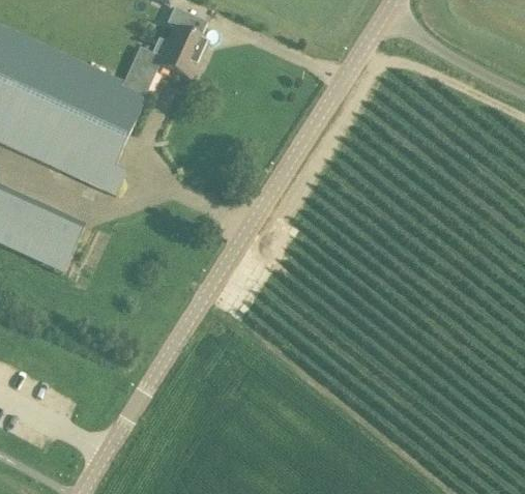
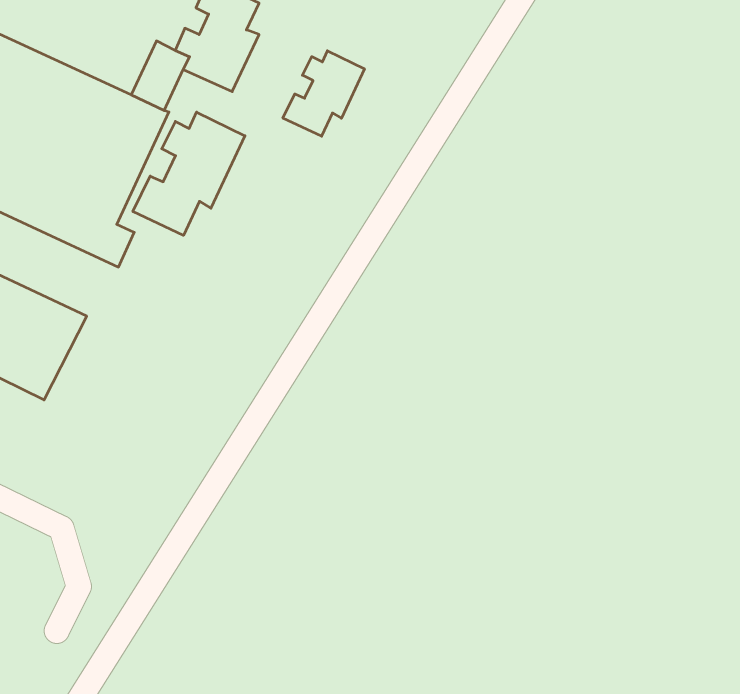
building: none -> [283,51,364,136]
building: none -> [133,112,245,235]

